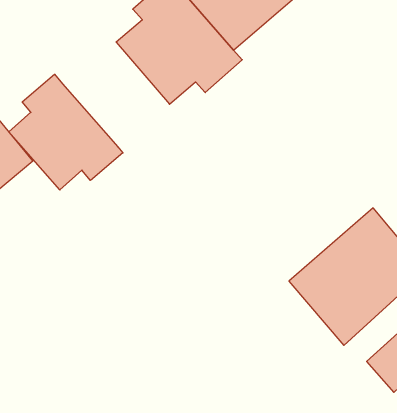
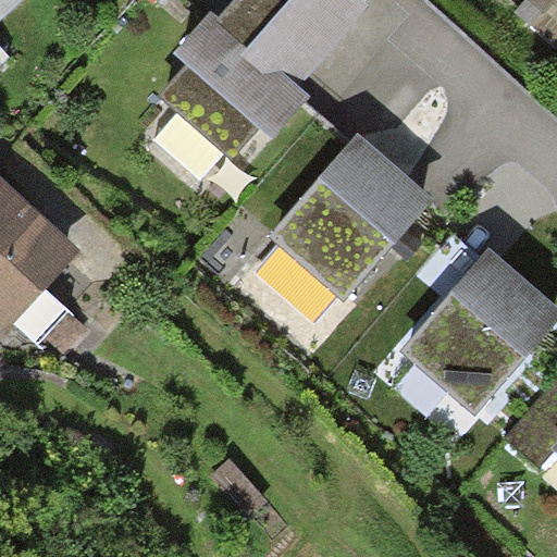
building: [9,74,123,190] -> none
building: none -> [268,134,432,300]

